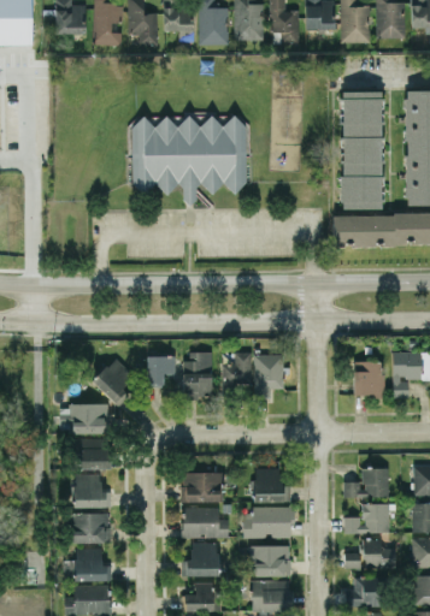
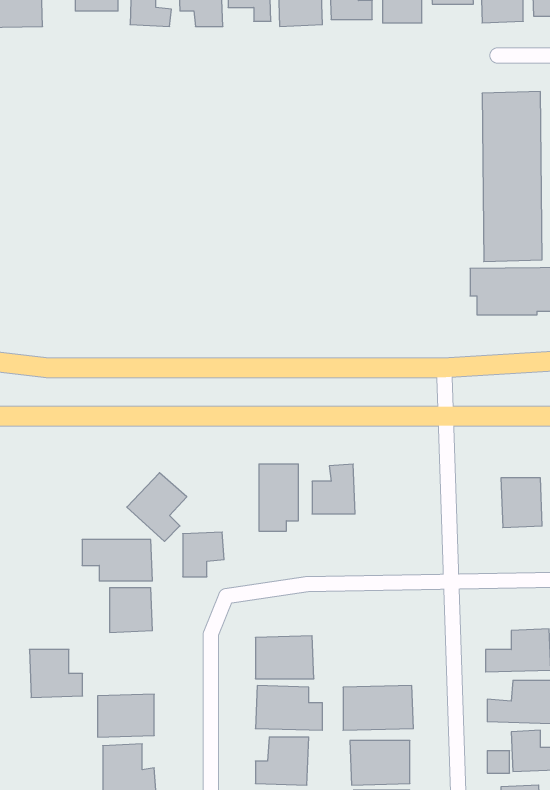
building: [131,114,247,206] -> none
building: [254,354,283,397] -> none
building: [147,355,176,386] -> [183,532,224,577]
building: [253,467,290,502] -> none
building: [73,474,111,508] -> [29,649,83,698]

